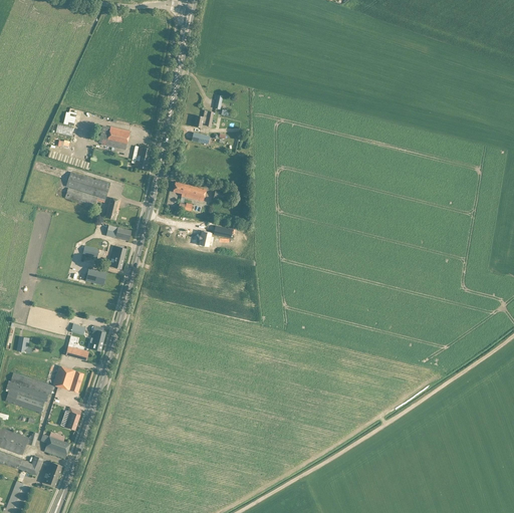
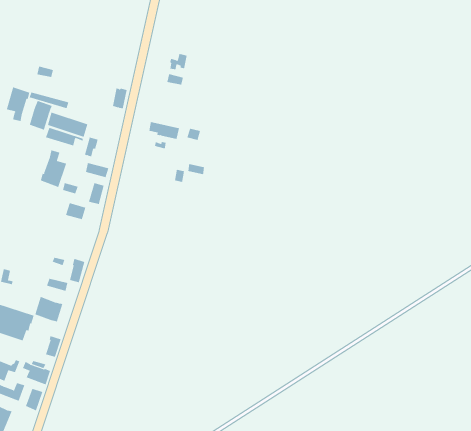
building: [100,126,128,150] -> none
building: none -> [6,87,30,122]
building: none -> [29,100,53,130]
building: none -> [40,149,67,188]

